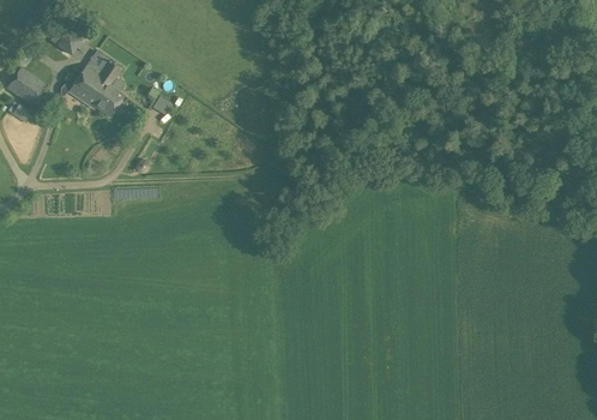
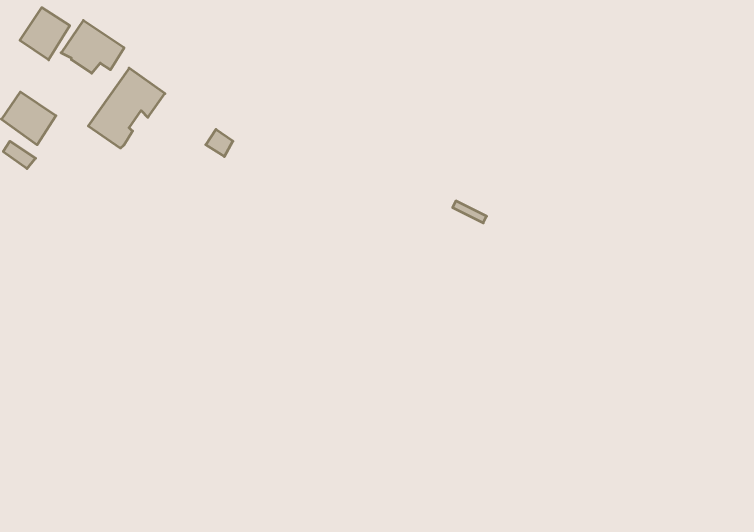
building: none -> [20,8,70,60]
building: [92,80,123,116] -> none

